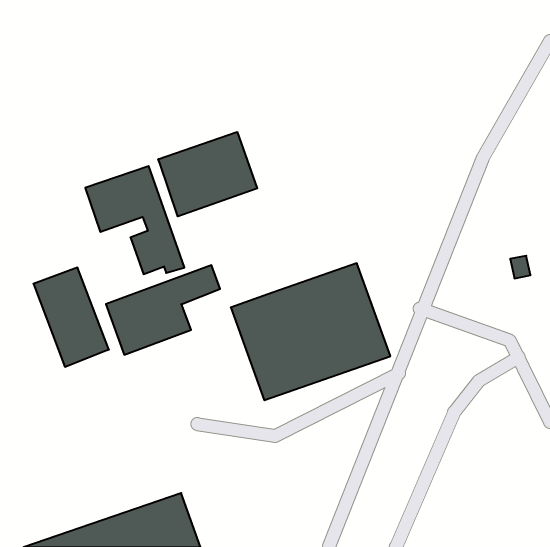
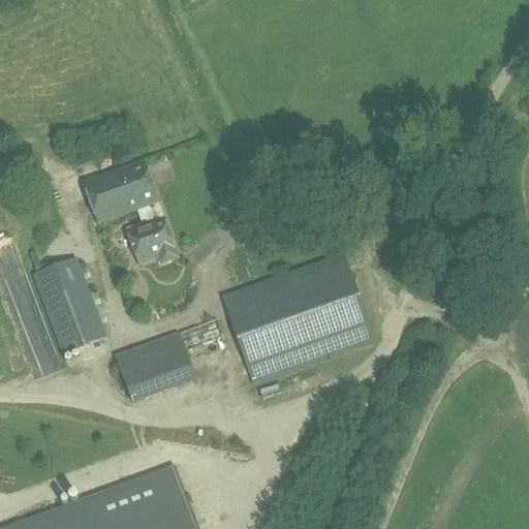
building: [158,132,257,216] -> none
building: [106,265,220,355] -> [114,315,223,401]

